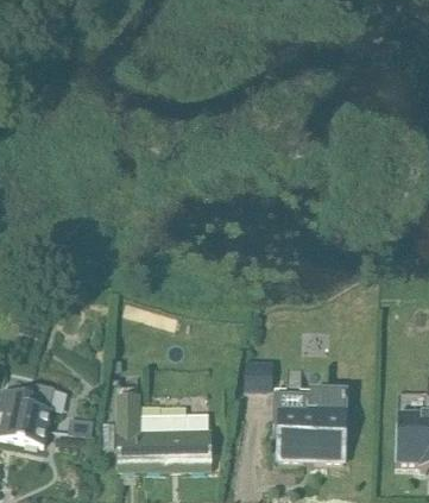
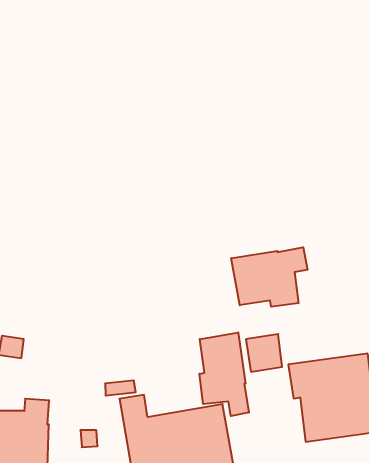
building: none -> [231,247,308,307]
building: none -> [199,332,249,416]

